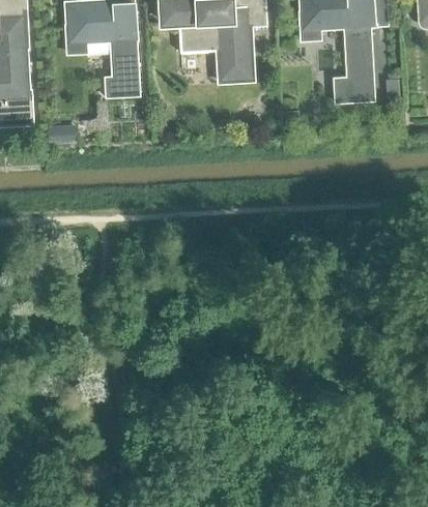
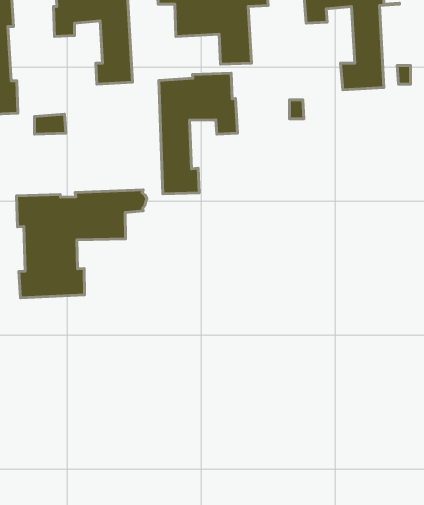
building: none -> [159,73,237,194]
building: none -> [16,190,147,298]

